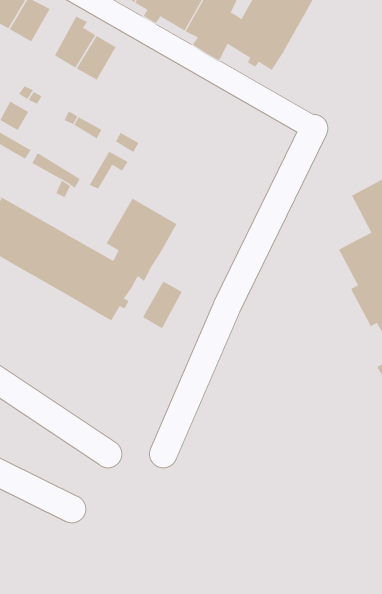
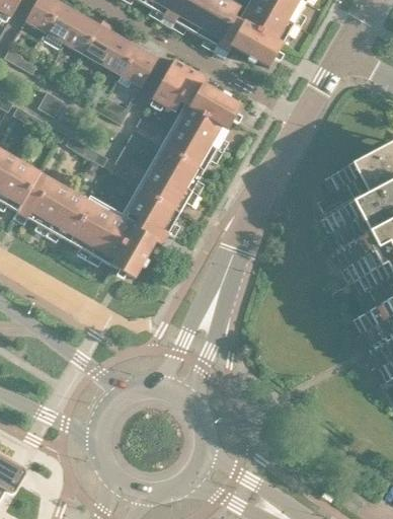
building: none -> [65,13,102,53]
building: none -> [117,46,158,86]
building: none -> [150,59,240,196]
building: [142,281,183,329] -> none

